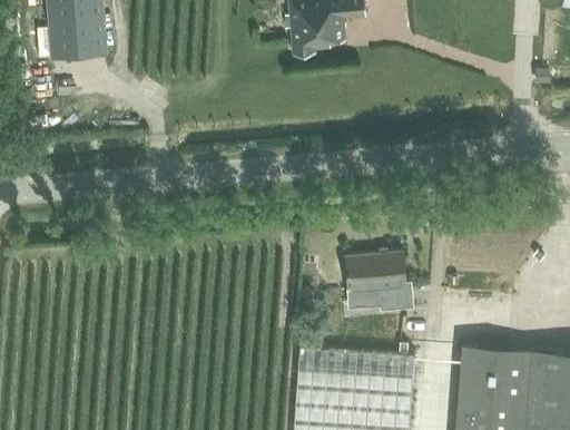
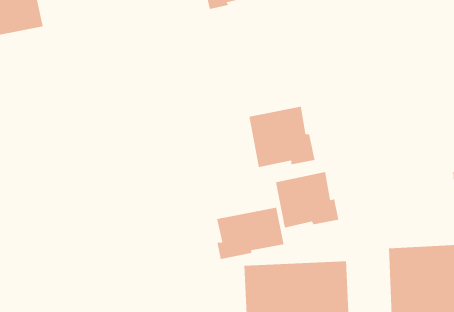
building: none -> [249,106,315,168]
building: none -> [216,207,284,260]

